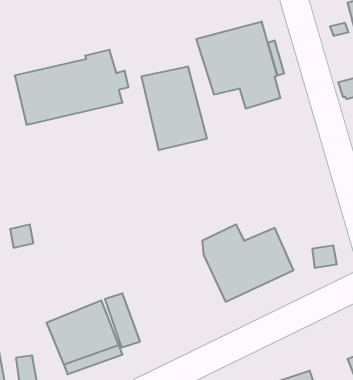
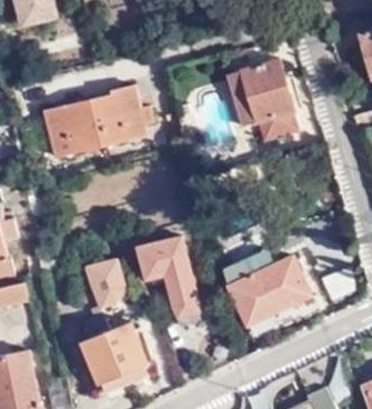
building: [142,66,207,150] -> none
building: none -> [137,236,197,320]
building: none -> [80,255,128,308]

